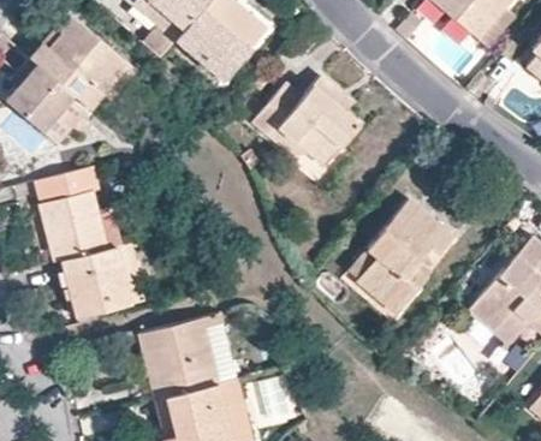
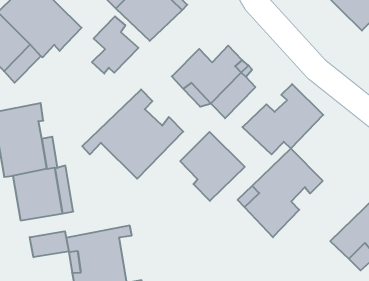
building: none -> [92,16,138,74]
building: none -> [242,84,323,154]
building: none -> [82,89,183,179]
building: none -> [180,132,245,201]
building: none -> [30,231,69,257]

